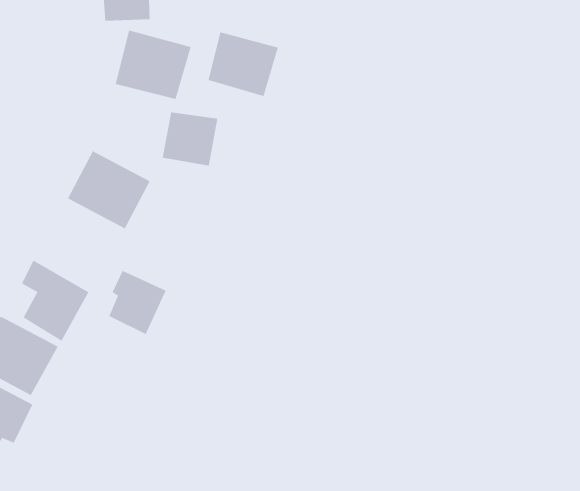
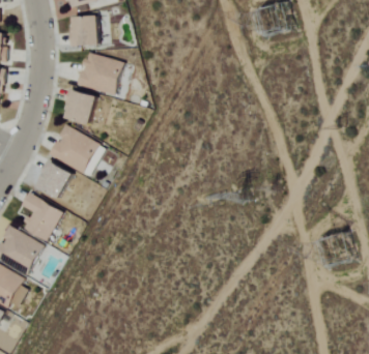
building: [208,31,278,97] -> none
building: [162,112,218,166] -> [63,91,97,124]
building: [109,270,166,335] -> [38,160,74,200]

